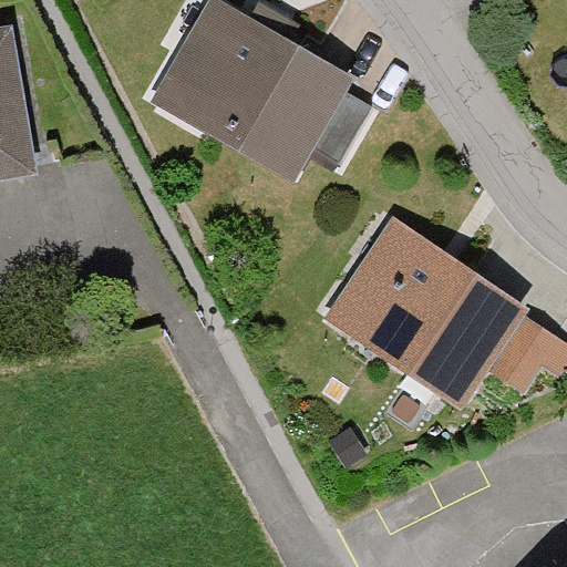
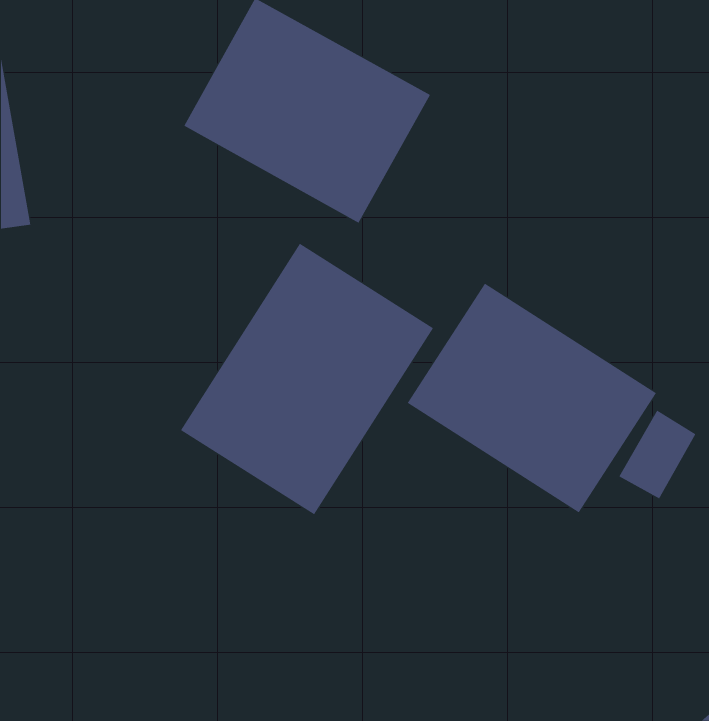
building: none -> [180,243,434,515]

